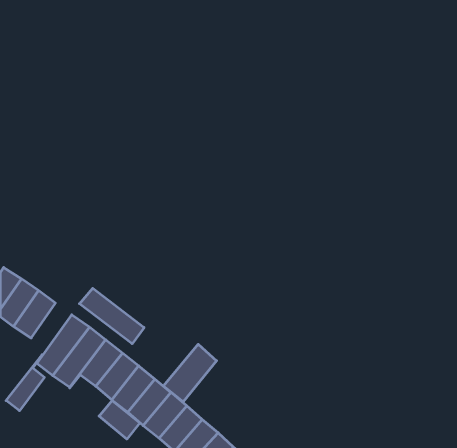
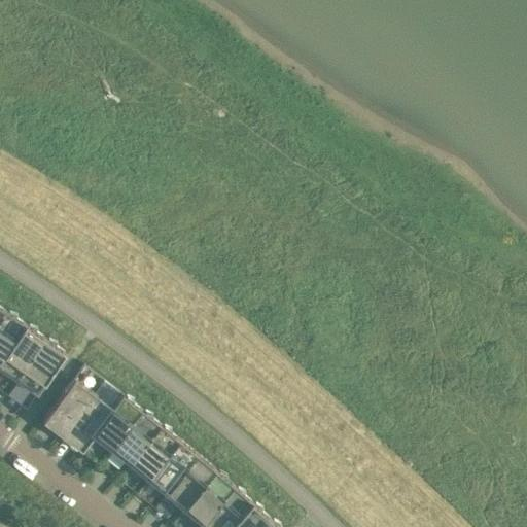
building: [79,288,144,344] -> none
building: [164,344,217,402] -> none
building: [6,355,44,411] -> none
building: [99,400,140,439] -> none

